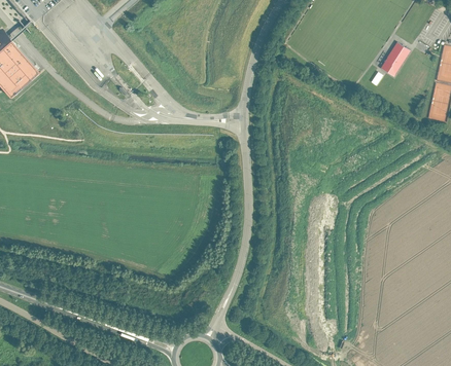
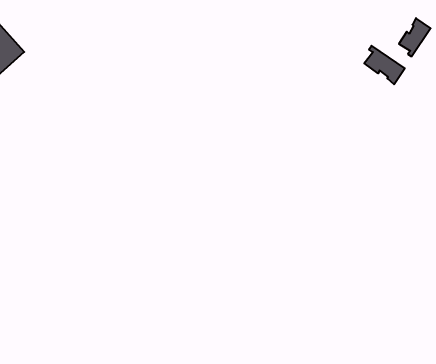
building: none -> [364,46,405,84]

